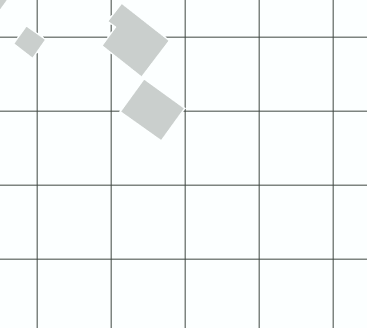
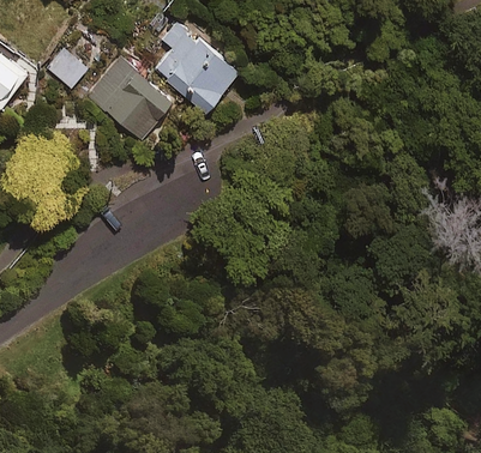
building: [120,79,185,141] -> [90,61,169,137]

